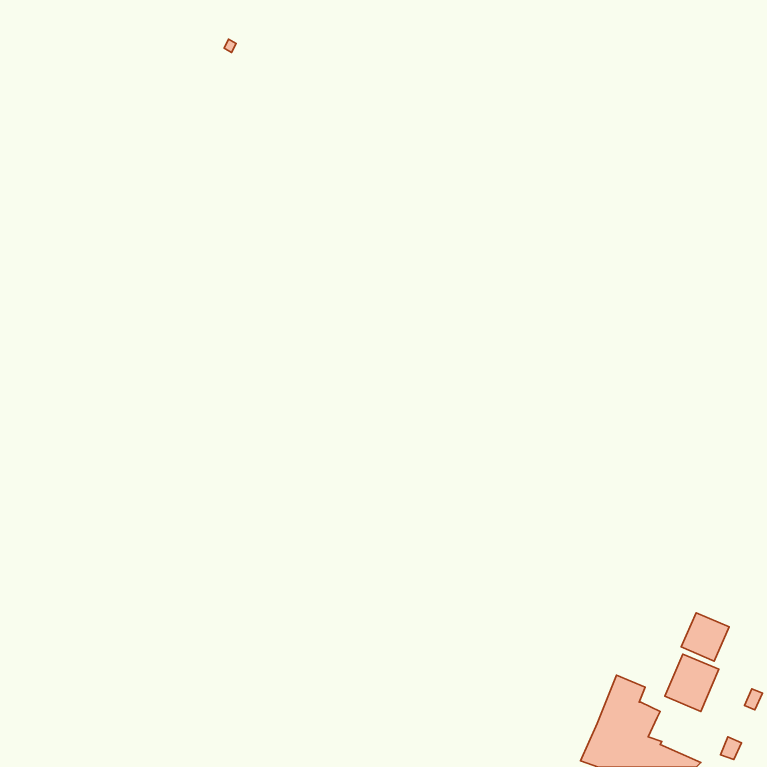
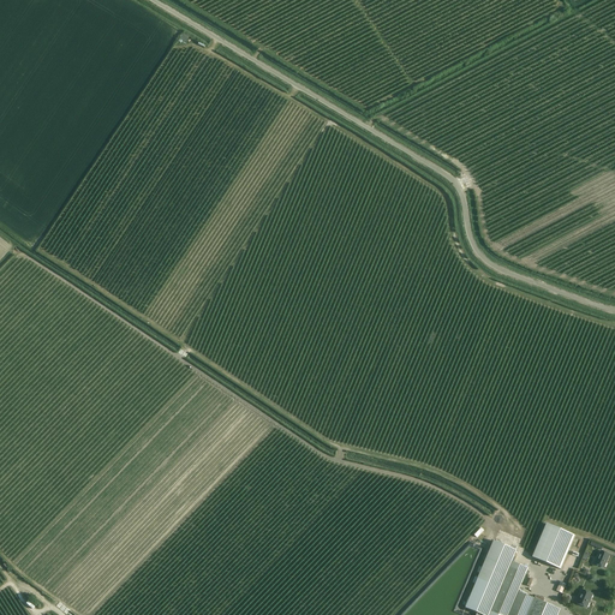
building: [681,613,729,661] -> none

